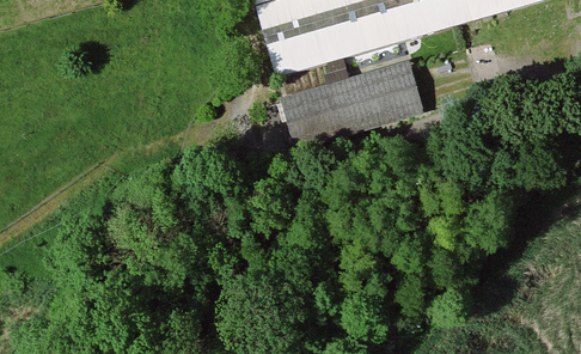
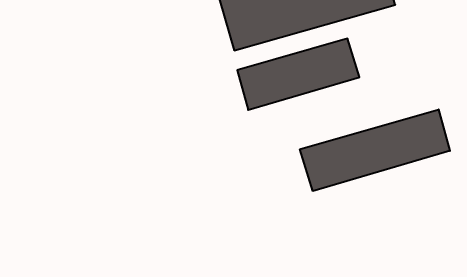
building: none -> [300,109,450,191]

